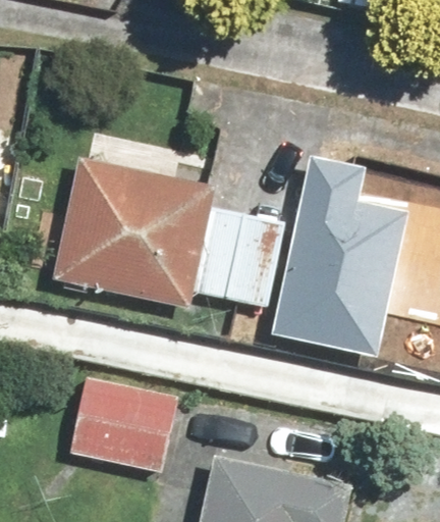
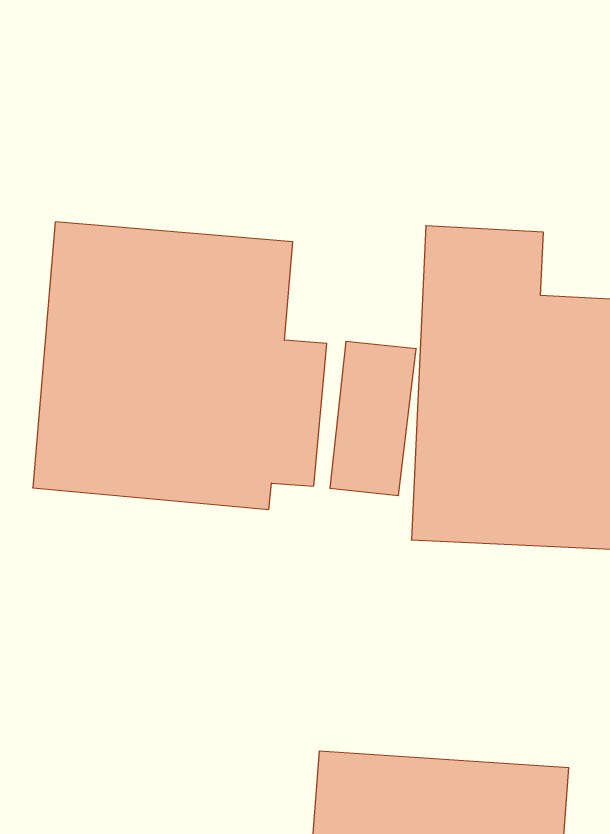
building: [64,374,175,472] -> none

